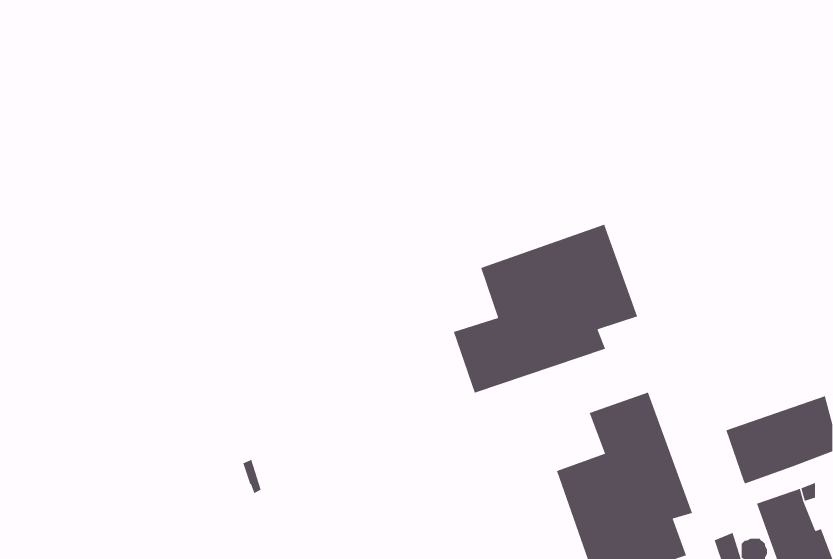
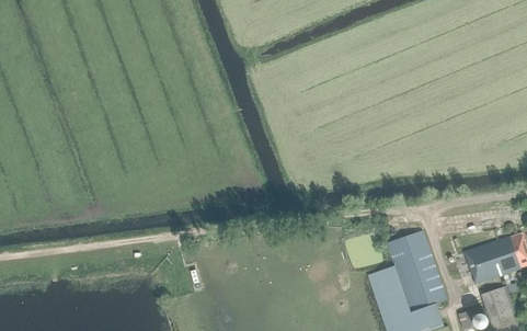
building: [453,224,638,393] -> none

